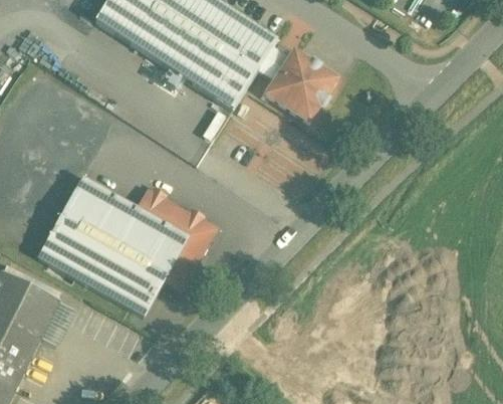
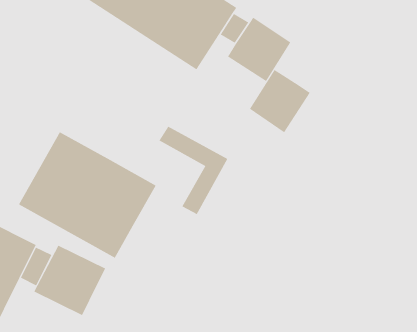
building: none -> [249,69,311,133]
building: [139,191,215,288] -> [159,126,228,215]
building: none -> [34,245,106,316]

